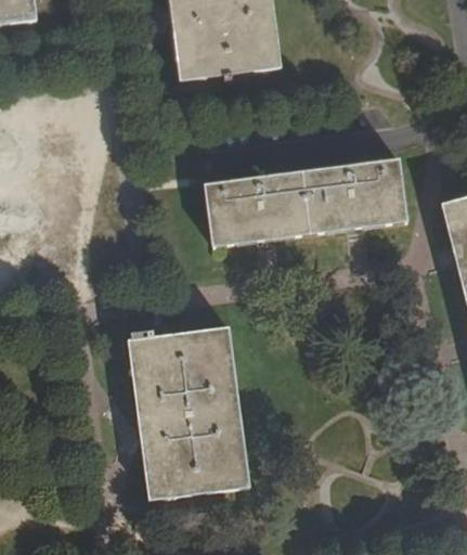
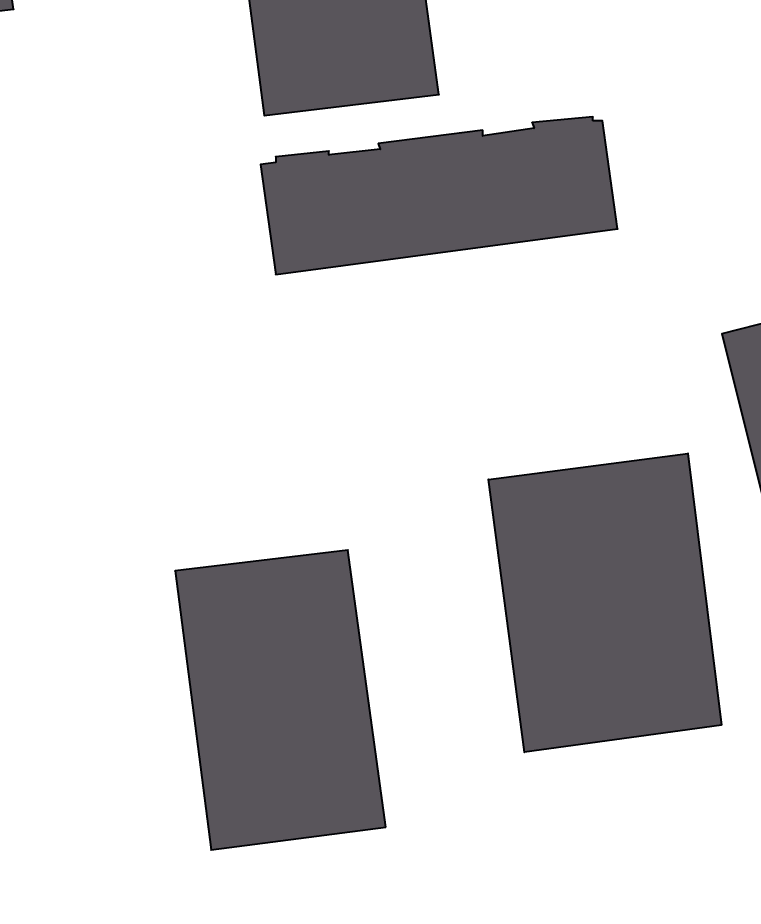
building: [203,157,406,247] -> [261,117,618,274]
building: none -> [488,453,721,752]

